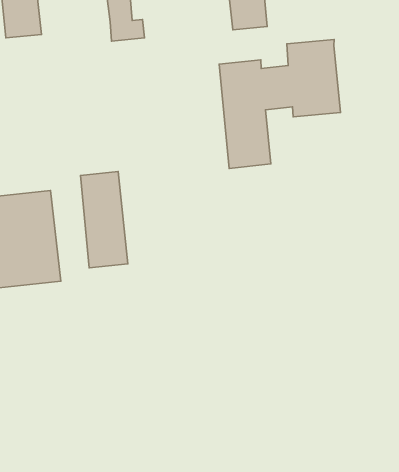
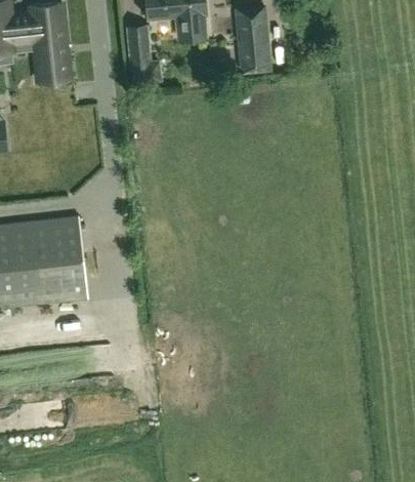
building: [219,40,341,169] -> none
building: [81,172,128,268] -> none

